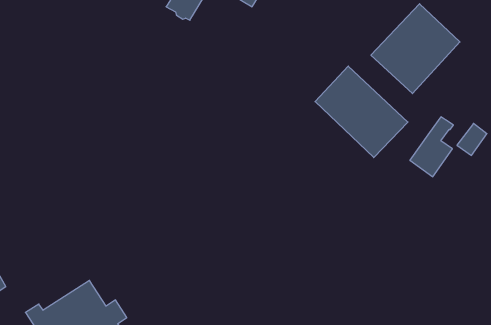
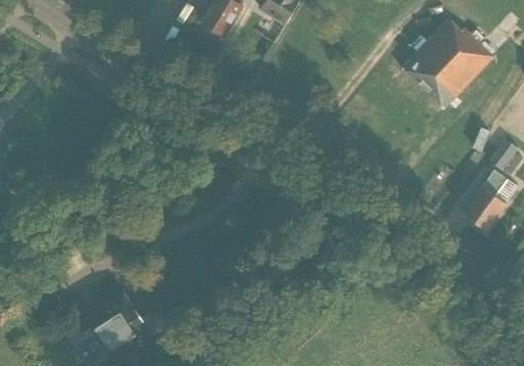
building: [315,66,408,158] -> none
building: [410,117,453,177] -> [465,169,508,228]

